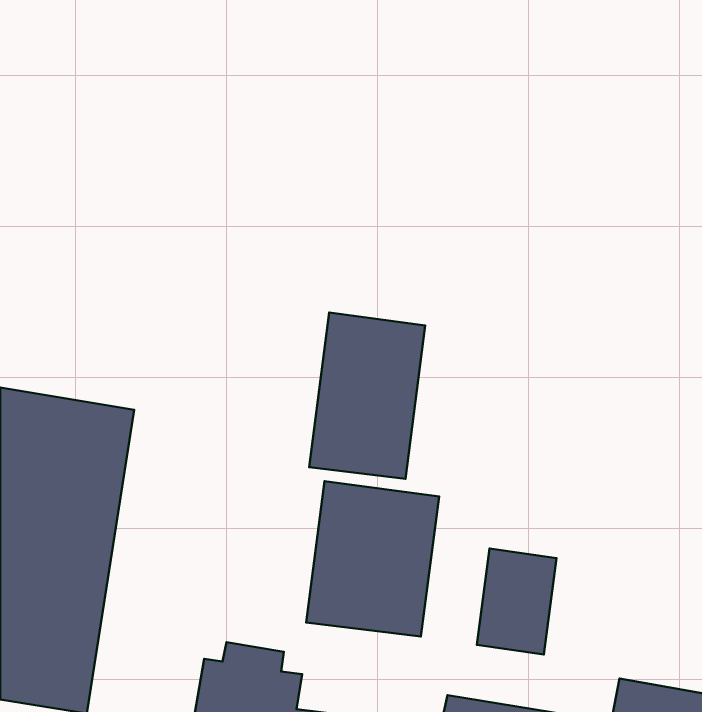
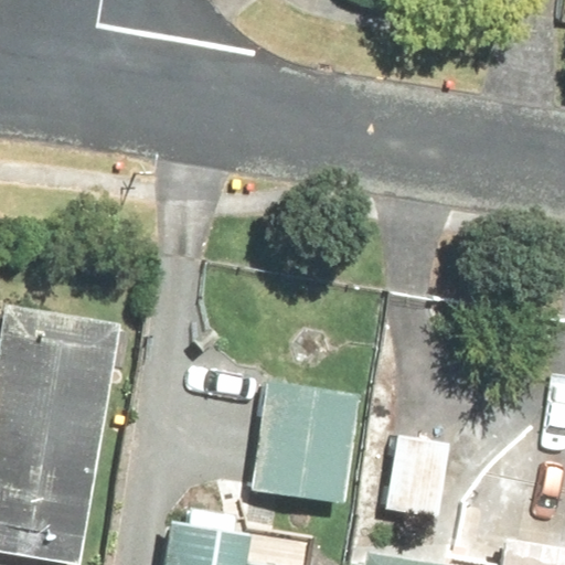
building: [309,312,425,479] -> none

